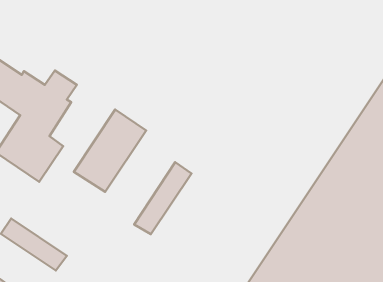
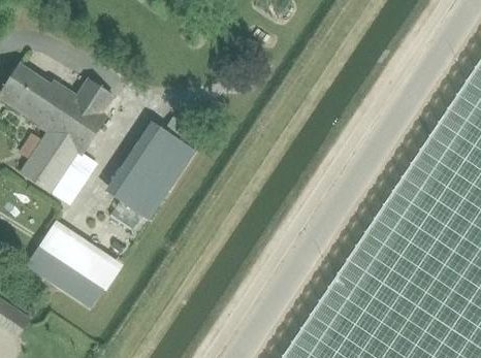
building: [134,162,191,234] -> none
building: none -> [37,214,121,279]

